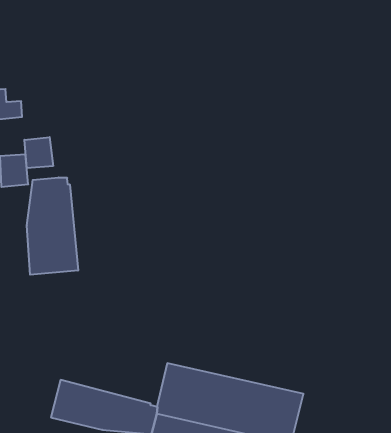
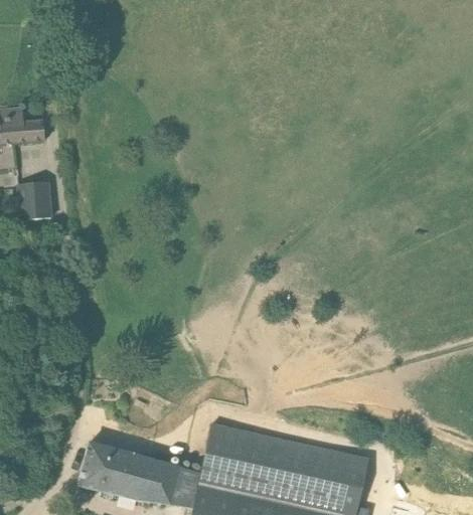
building: [24,137,53,168] -> none
building: [27,177,78,275] -> none

